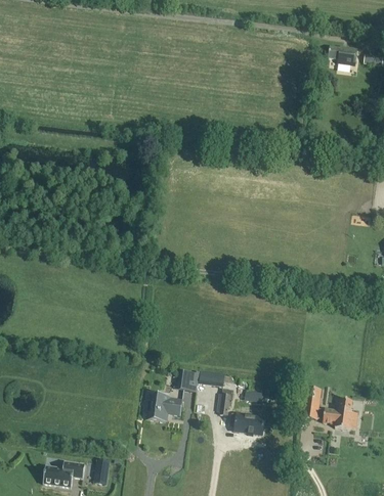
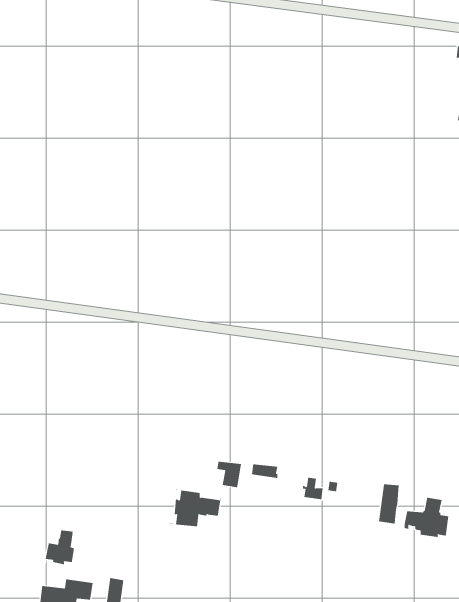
building: [327,45,357,66] -> none
building: [218,404,264,435] -> none
building: none -> [44,529,77,567]

